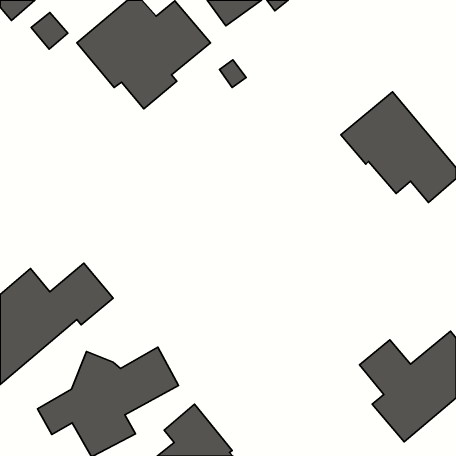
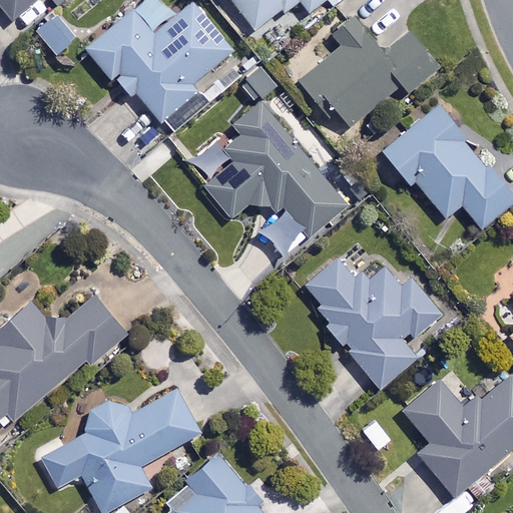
building: none -> [301,18,437,127]
building: none -> [187,105,348,255]
building: none -> [307,261,438,389]

